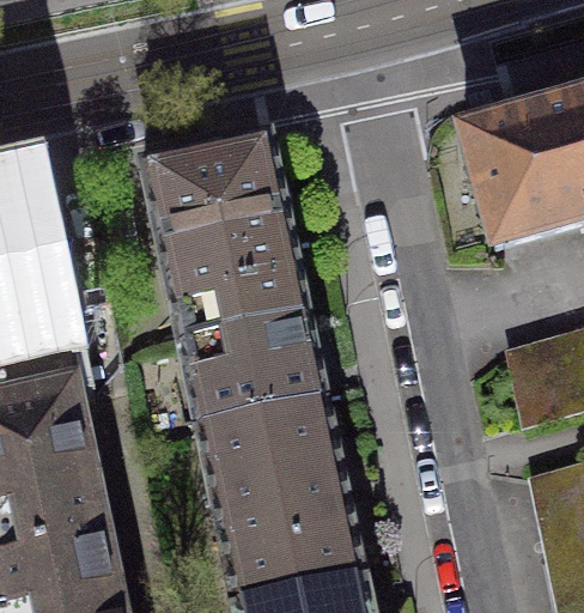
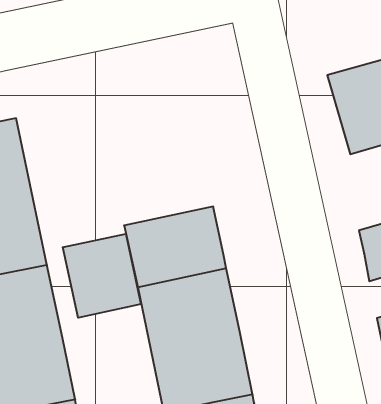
building: [144,139,305,342] -> none
building: none -> [63,234,141,318]

